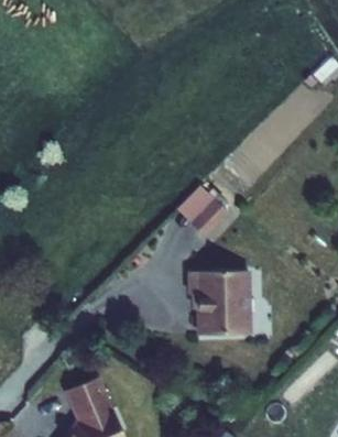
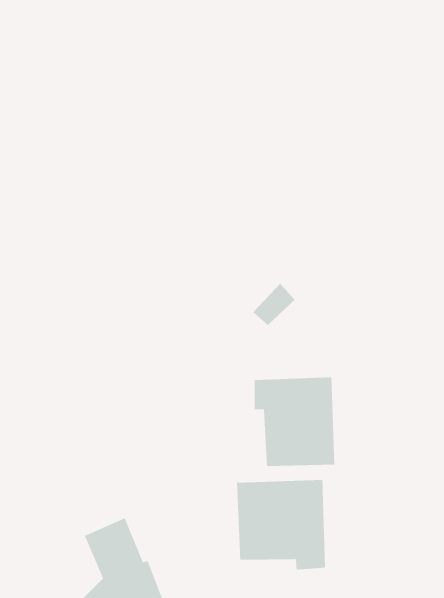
building: none -> [236,479,326,570]

